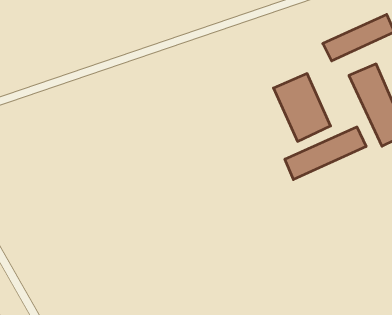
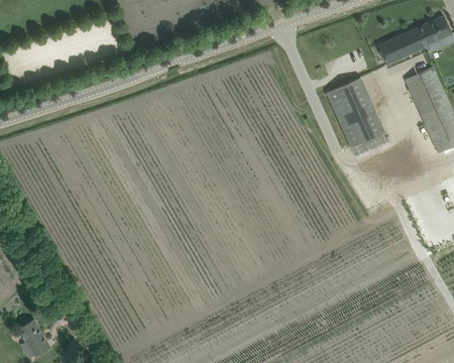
building: [285,127,366,180] -> none

